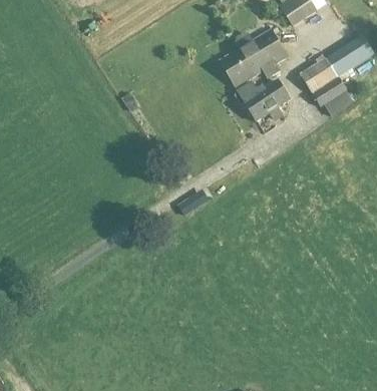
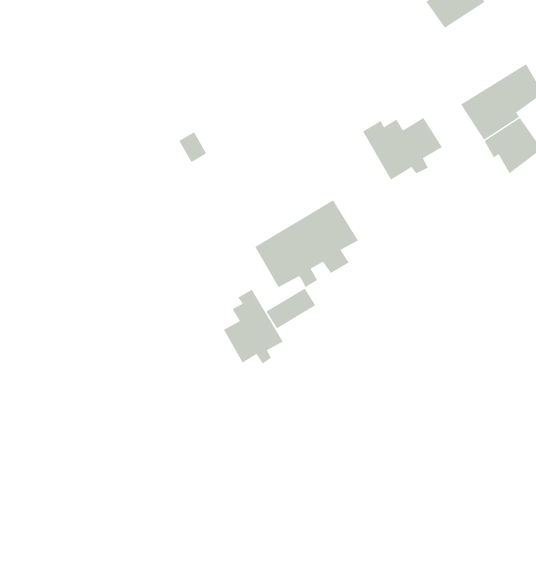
building: [220,30,286,86] -> [254,199,359,288]
building: none -> [223,289,284,365]

